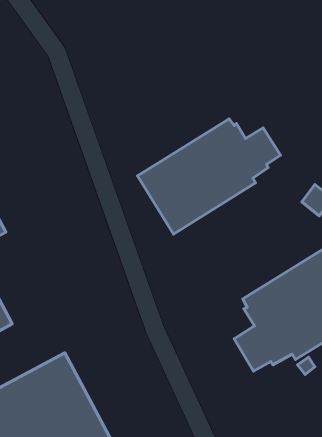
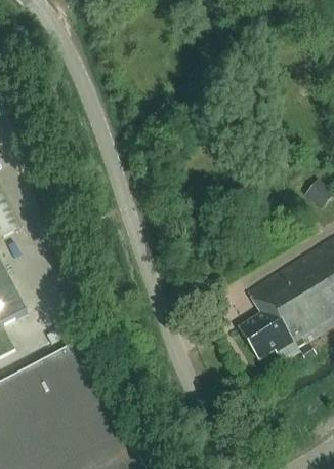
building: [137,119,281,234] -> none

